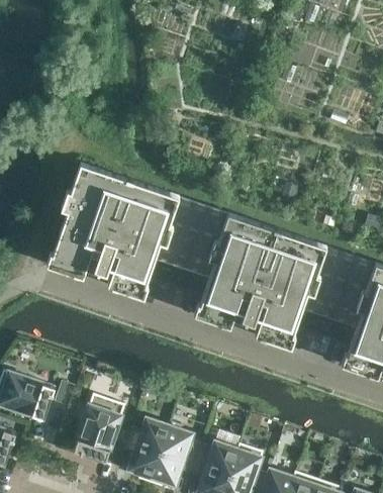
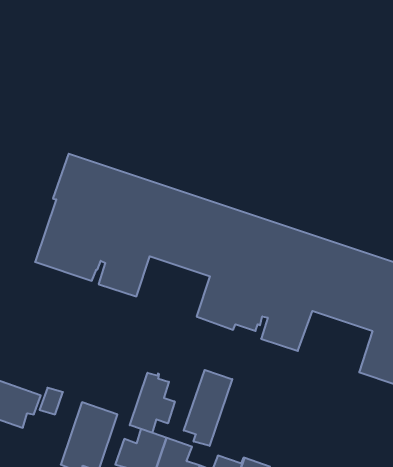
building: none -> [184,370,232,446]
building: none -> [130,373,175,433]

